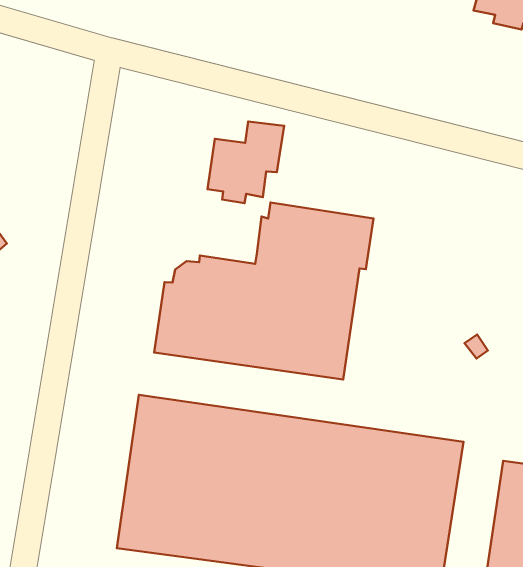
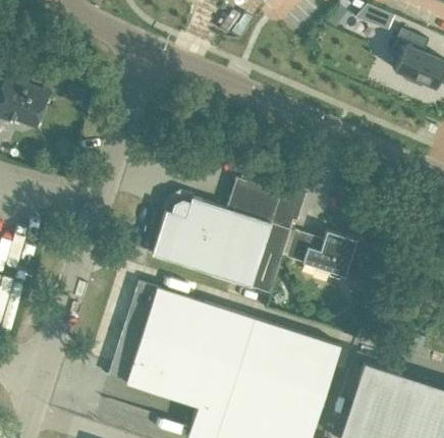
building: [207,121,284,203] -> none
building: none -> [286,232,356,277]

